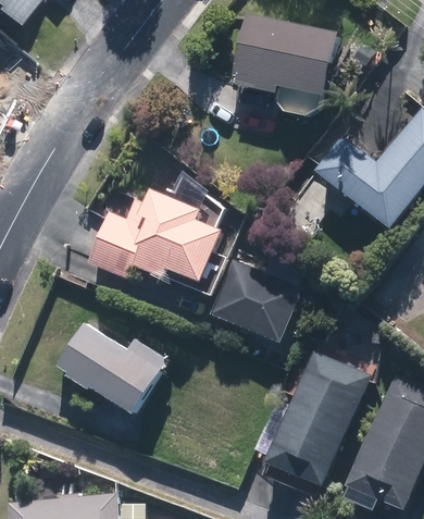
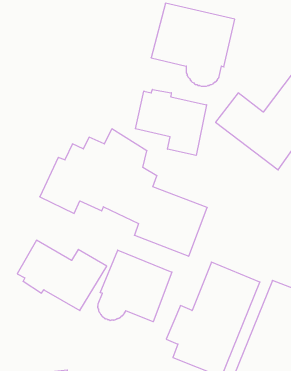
building: none -> [135,89,207,155]
building: none -> [98,250,172,322]

